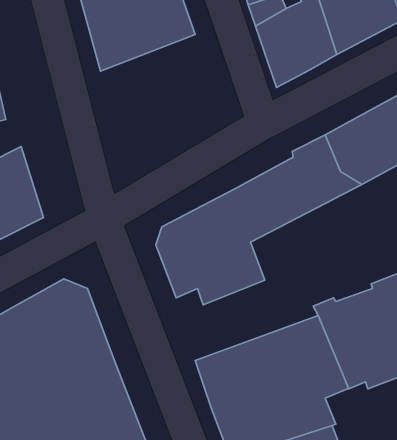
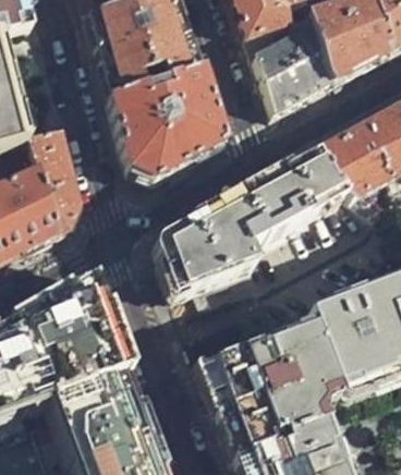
building: none -> [111,59,226,174]
building: none -> [29,123,83,228]

